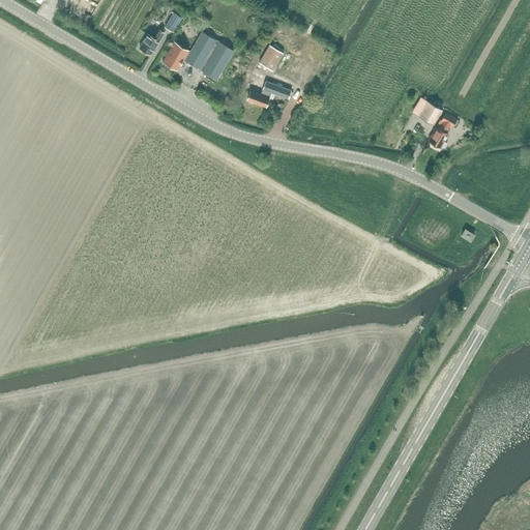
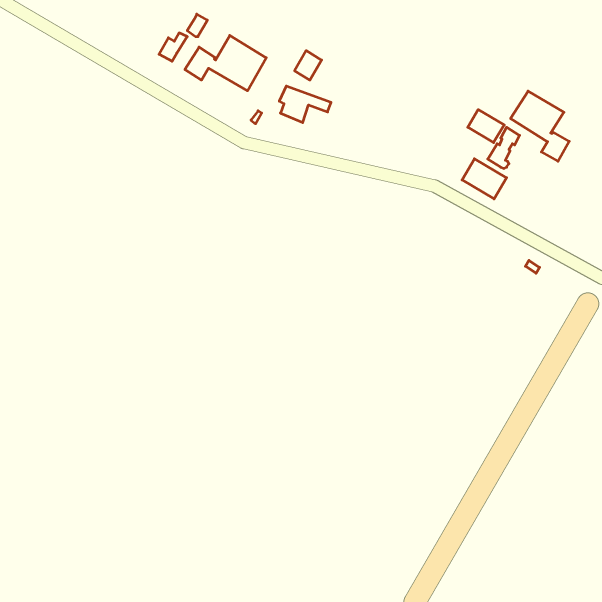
building: none -> [511,91,569,161]
building: none -> [462,159,507,199]

